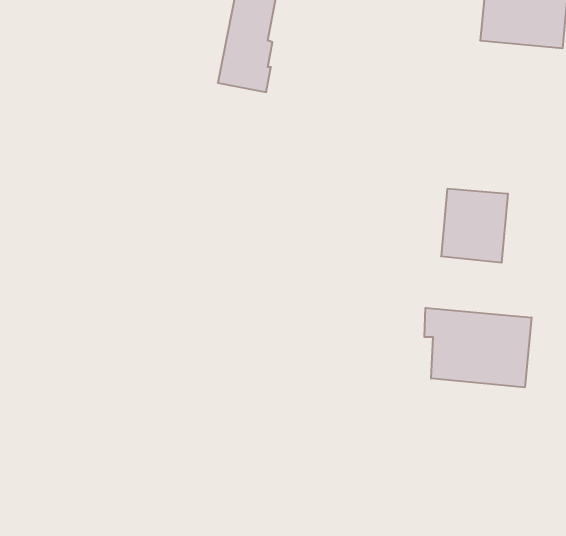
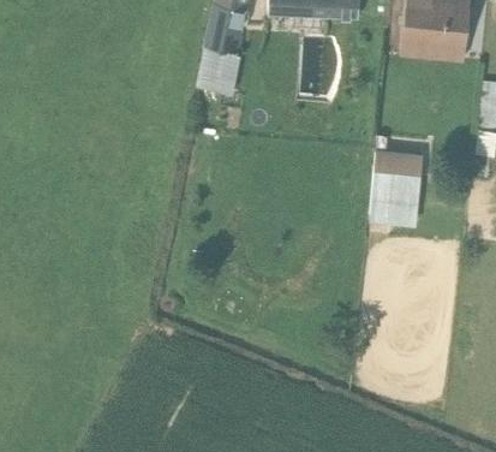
building: none -> [374,147,423,172]
building: [424,308,532,387] -> none

